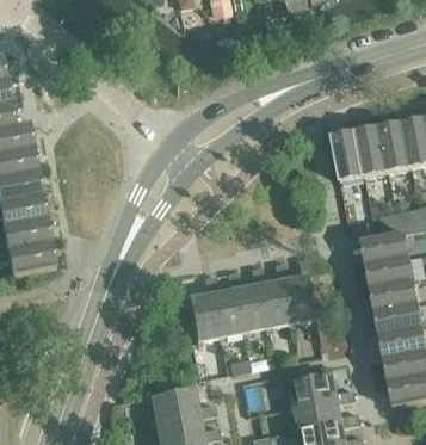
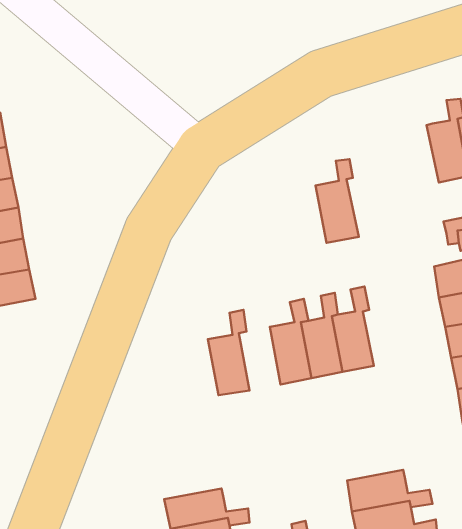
building: [332,116,365,180] -> [316,159,359,243]
building: [211,270,243,335] -> none
building: [290,372,356,404] -> none
building: [150,387,216,419] -> none

